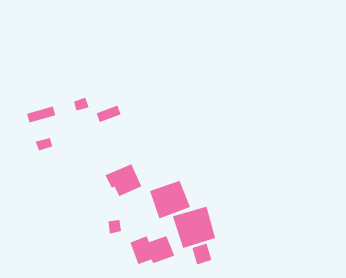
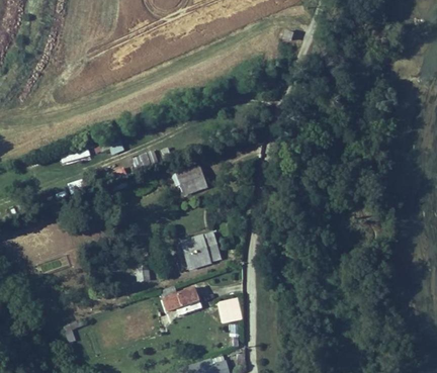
building: [105,163,142,197] -> [171,164,208,197]
building: [172,206,216,249] -> none

